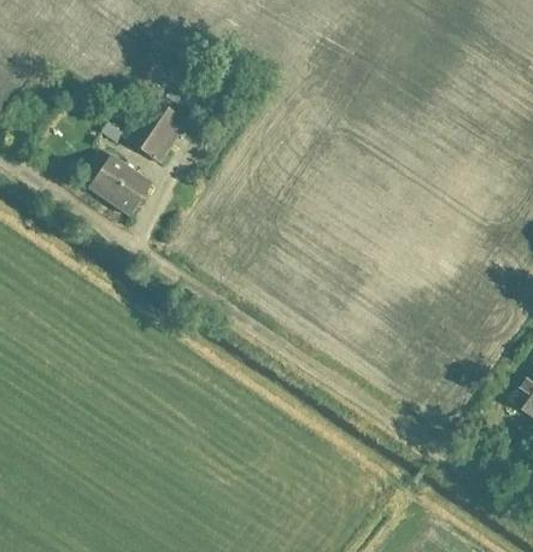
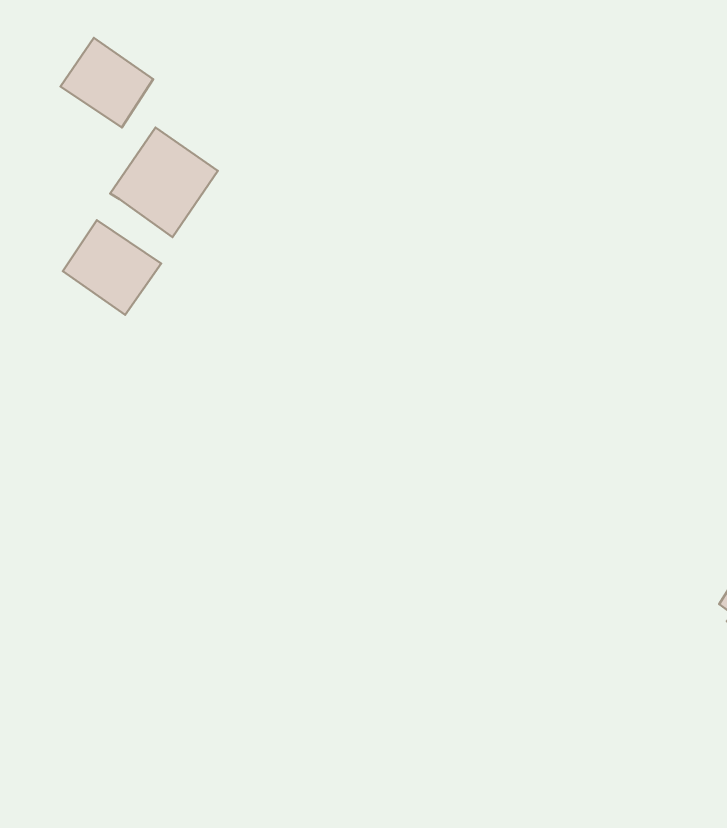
building: none -> [61,38,153,127]

